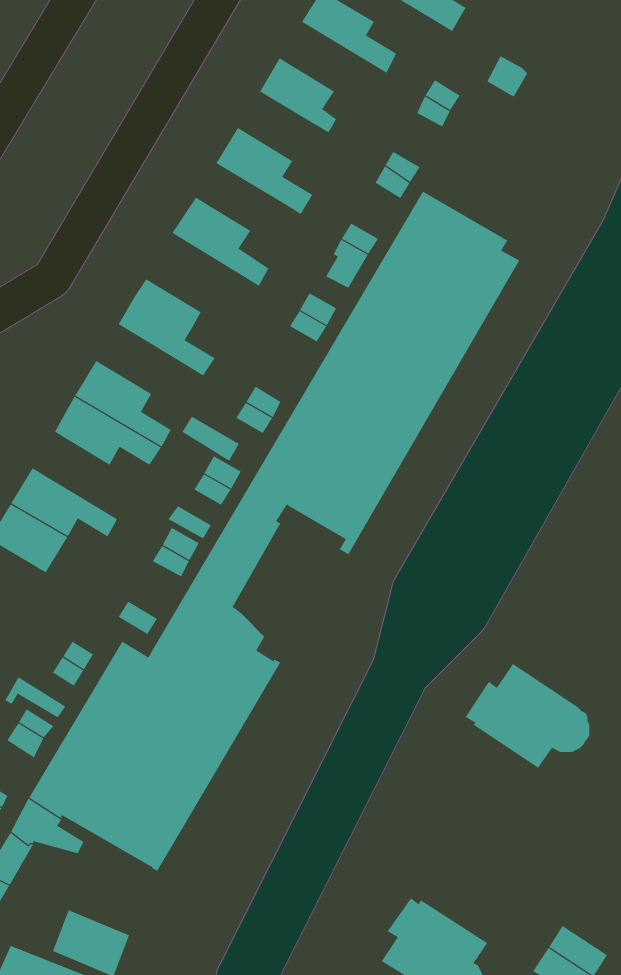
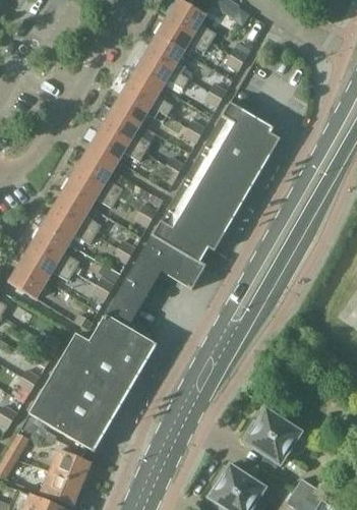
building: none -> [156,17,211,53]
building: none -> [134,53,189,89]
building: none -> [113,90,159,124]
building: none -> [87,125,145,166]
building: none -> [62,172,117,209]
building: none -> [29,227,79,272]
building: [465,663,590,769] -> [240,410,304,464]
building: none -> [48,448,90,485]

